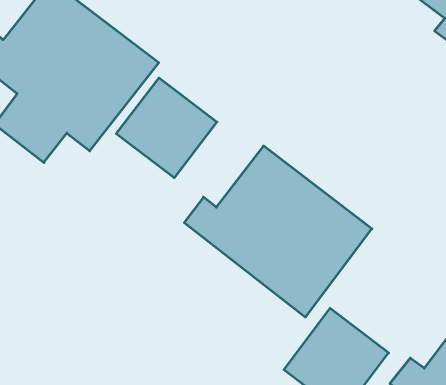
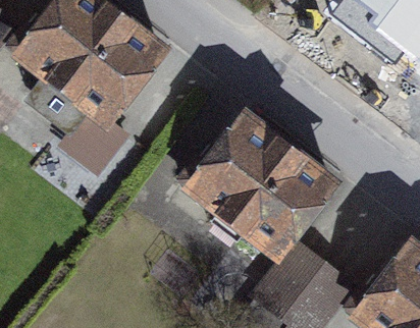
building: [116,78,217,178] -> none

